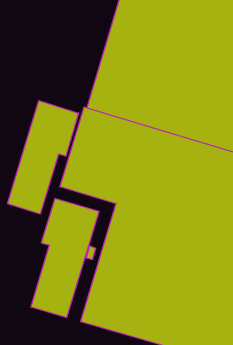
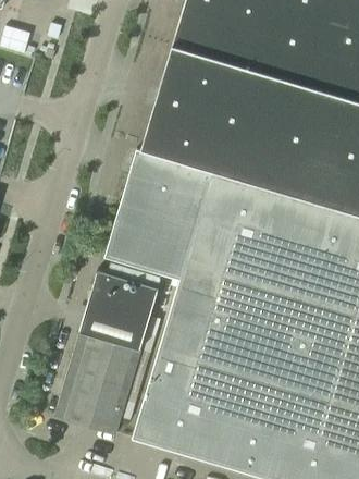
building: [7,101,79,214] -> none

